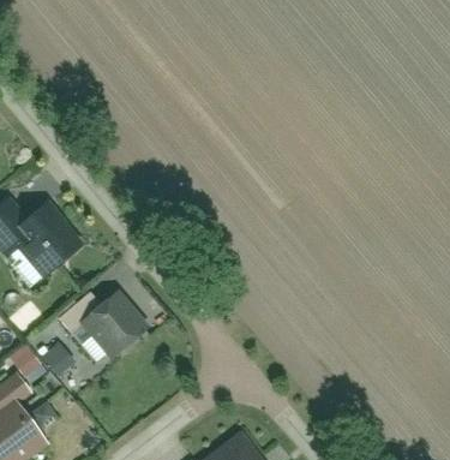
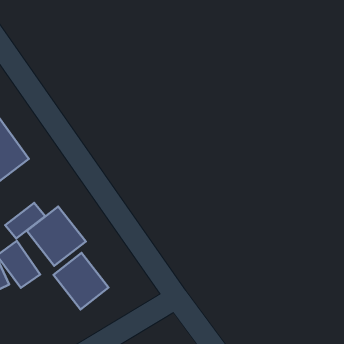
building: none -> [53,253,108,309]

